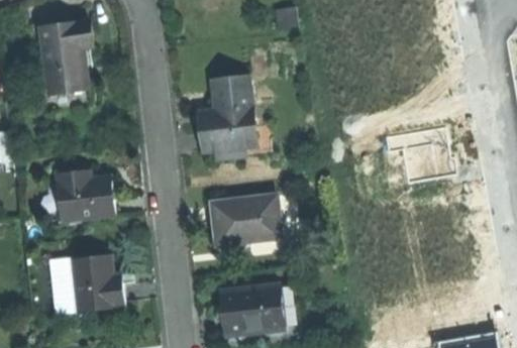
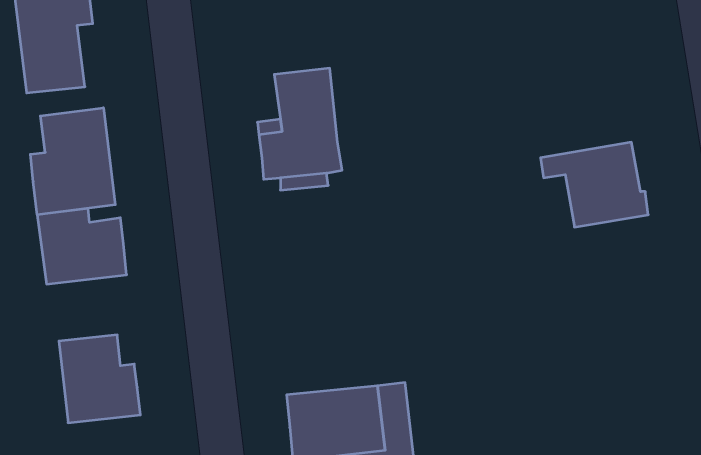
building: none -> [30,108,115,215]
building: [211,195,279,242] -> none
building: [45,254,75,312] -> none

